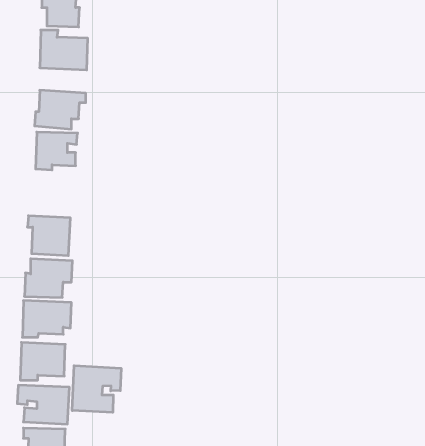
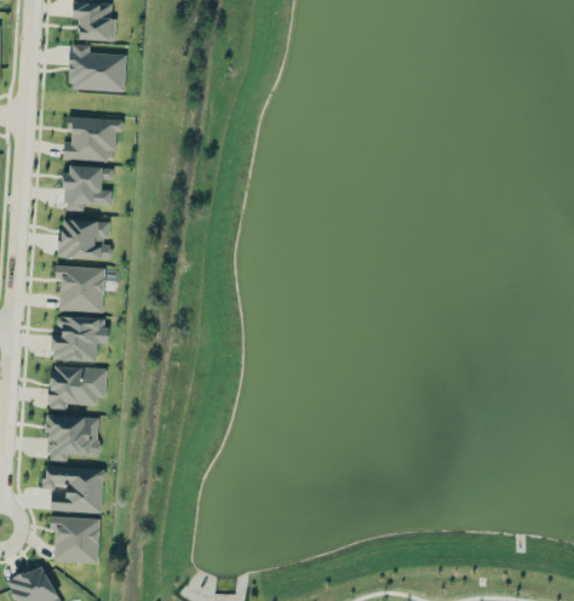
building: none -> [59,219,111,259]
building: [72,366,121,412] -> none

